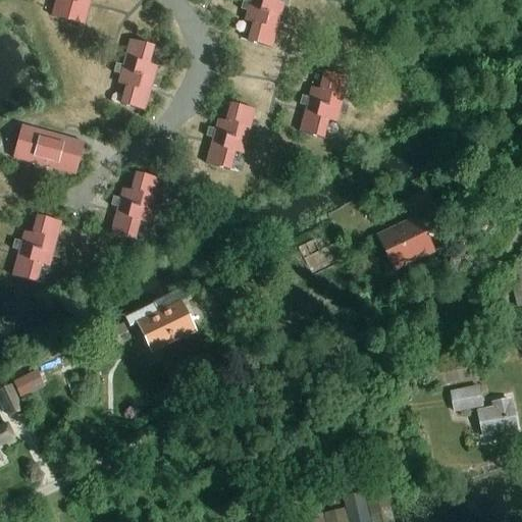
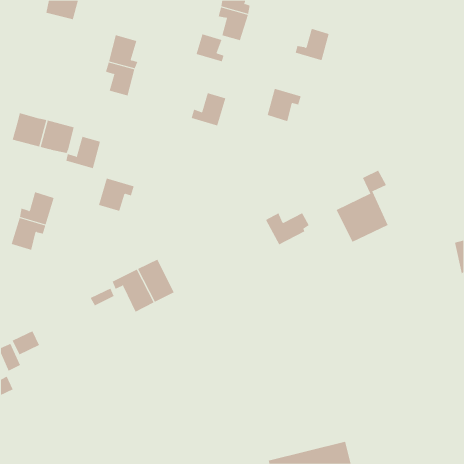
building: none -> [196,34,224,62]
building: [308,71,347,108] -> [295,28,329,61]
building: [206,133,245,170] -> none
building: [119,172,159,209] -> [65,136,101,169]
building: [450,386,517,434] -> none

